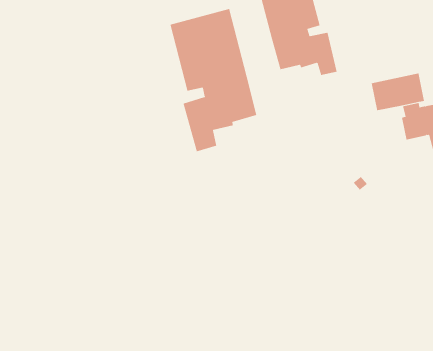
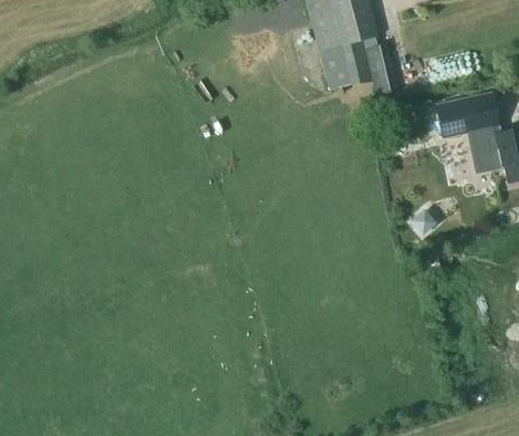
building: [170,8,257,152] -> none

